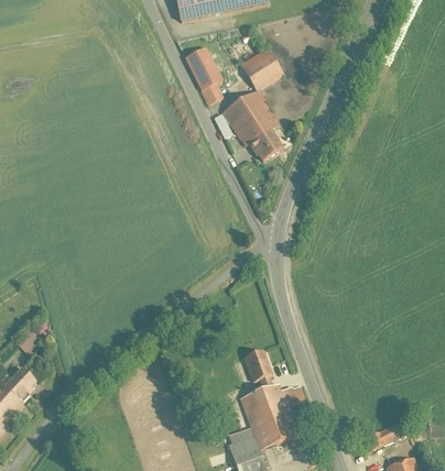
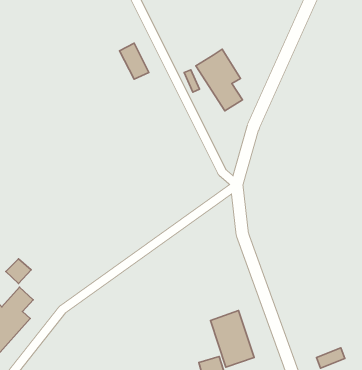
building: [241,47,283,88] -> none
building: [187,48,220,89] -> [120,43,149,79]
building: [240,351,270,382] -> none

